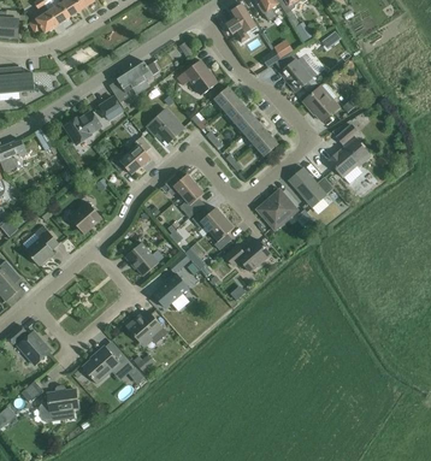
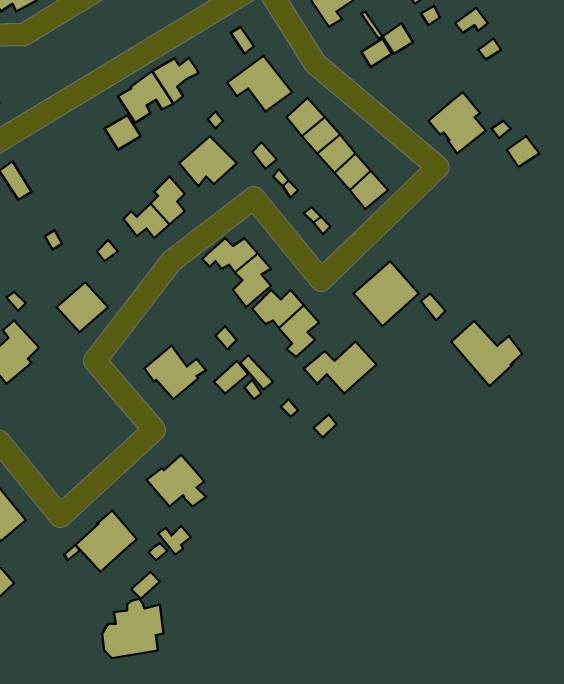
building: [279,59,315,91] -> none
building: [65,112,101,144] -> none
building: [329,124,371,184] -> none
building: [289,167,333,208] -> [451,321,522,386]
building: [153,274,189,308] -> none
building: [40,385,78,422] -> [102,599,164,658]

